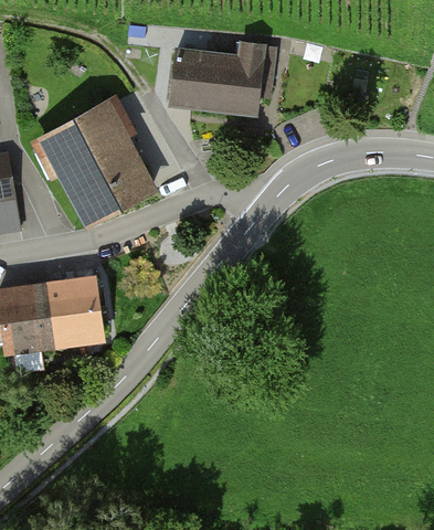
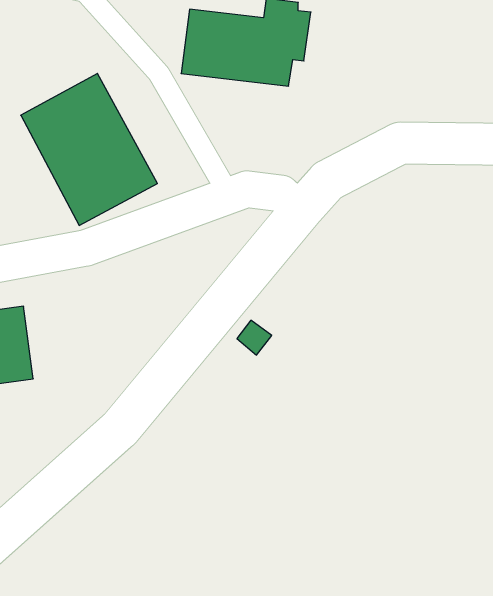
building: [46,279,104,343] -> none

